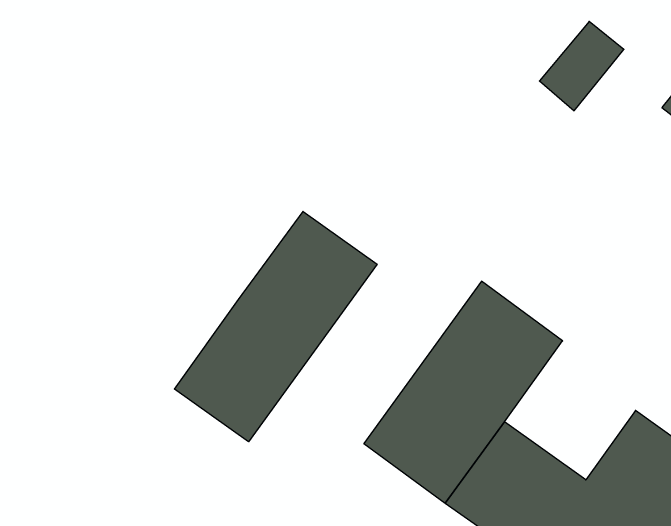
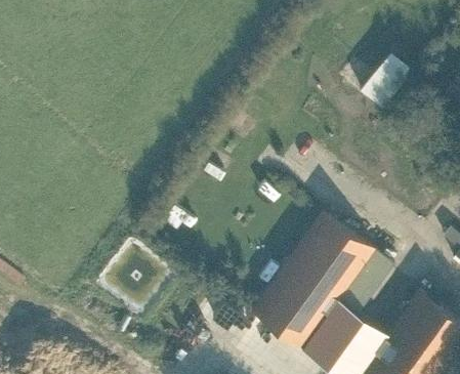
building: [174,211,377,442] -> none

